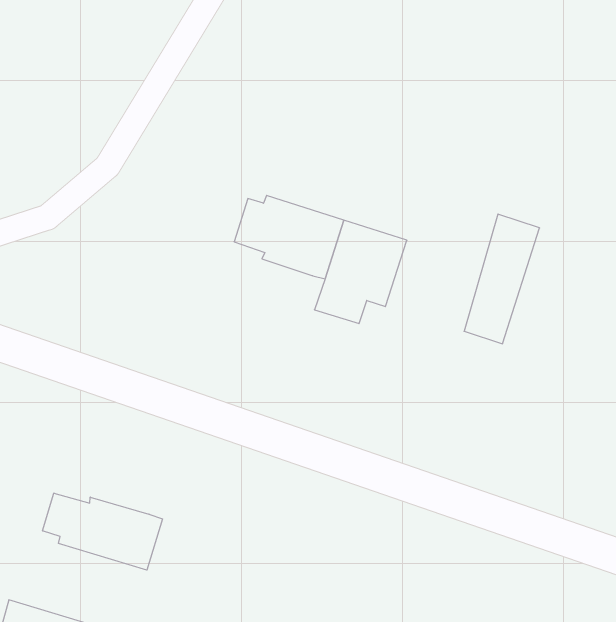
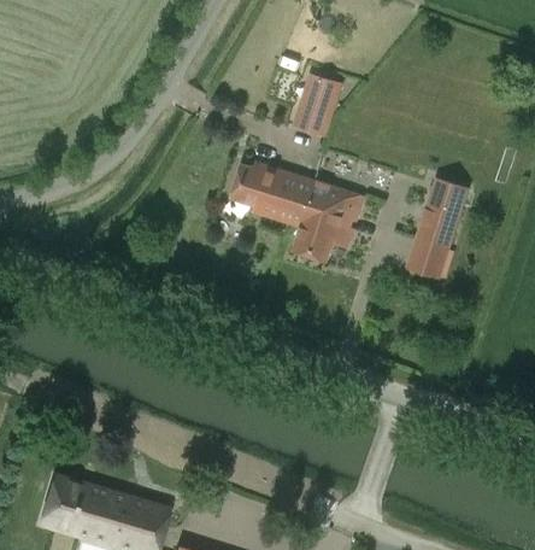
building: none -> [289,70,340,135]
building: [43,493,163,570] -> none

